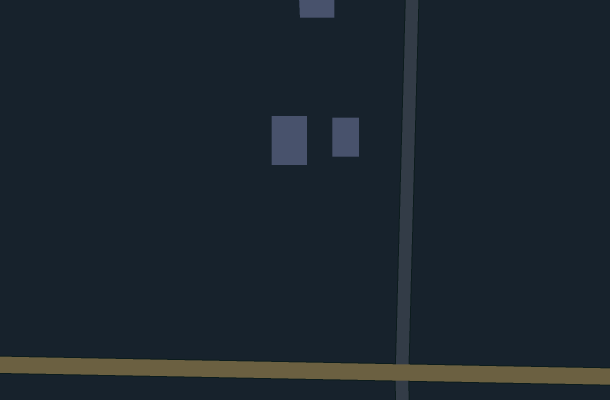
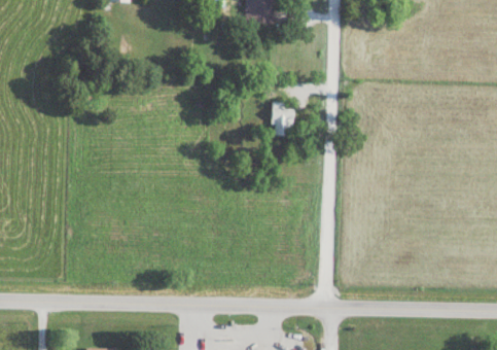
building: [271,115,307,166] -> none

